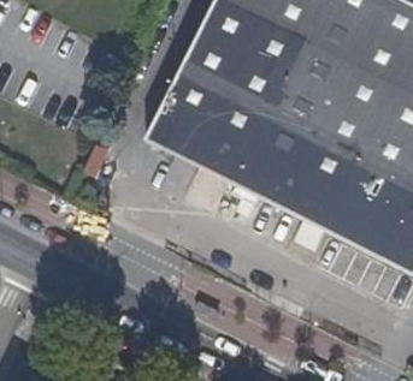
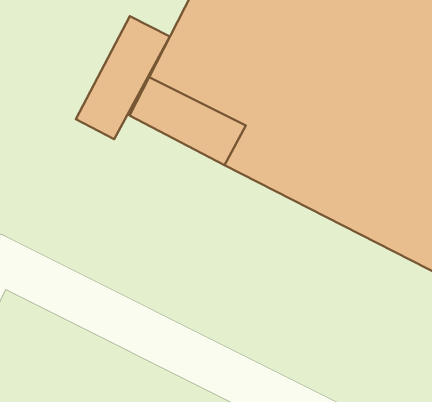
building: none -> [76,16,170,139]

